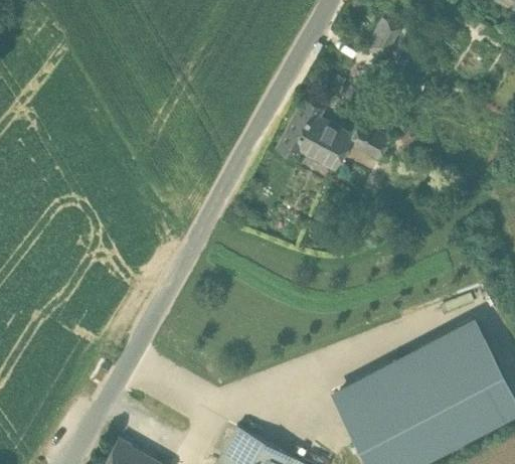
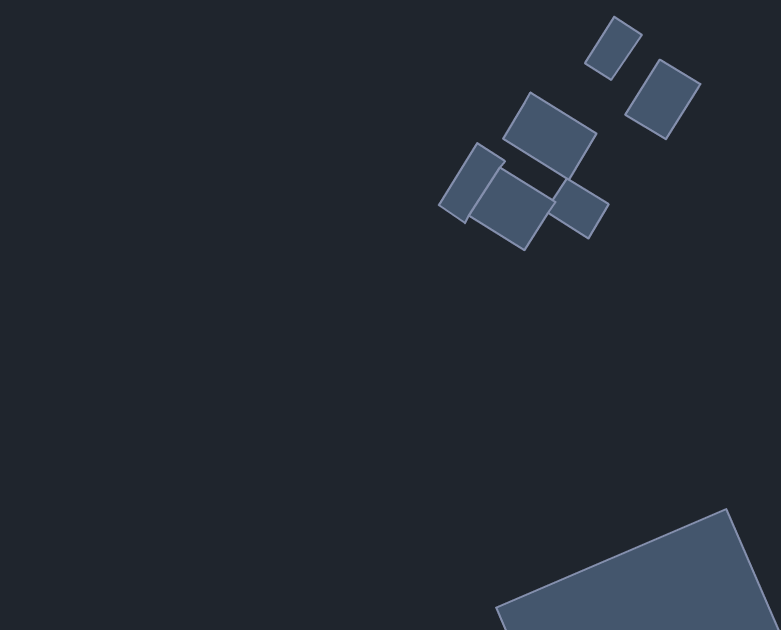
building: none -> [625,60,701,139]
building: none -> [503,92,596,180]

